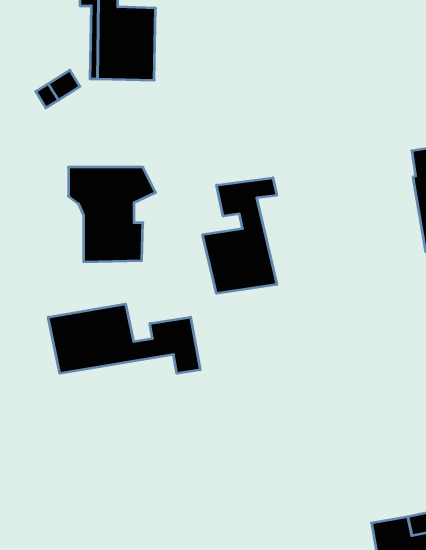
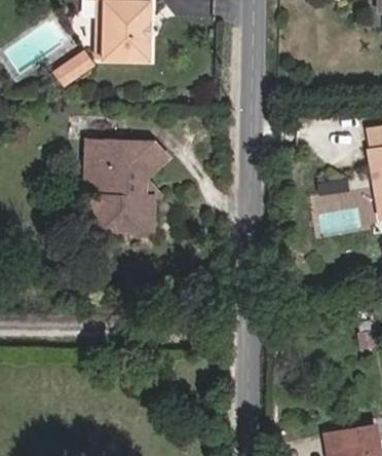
building: [203,178,277,293] -> none
building: [48,304,200,373] -> none

